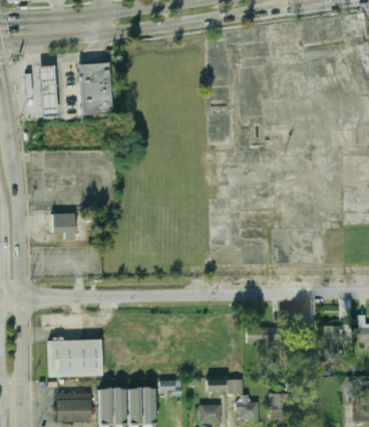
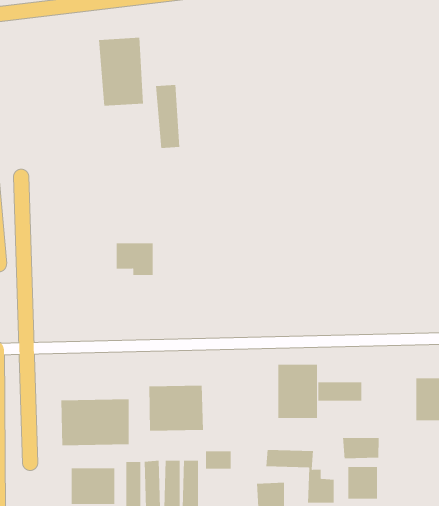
building: [37,66,56,116] -> [155,84,180,148]
building: [51,213,80,238] -> [116,243,154,276]
building: none -> [278,364,318,419]
building: none -> [149,385,204,431]
building: none -> [343,437,379,459]

